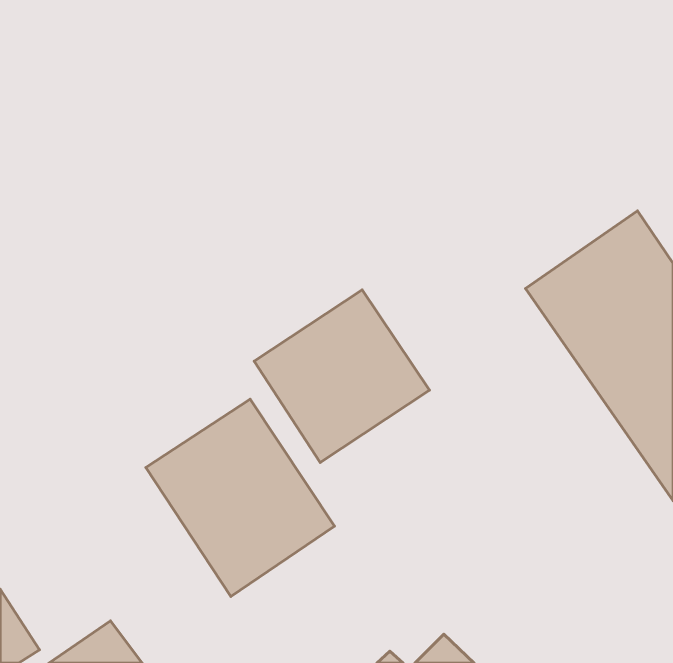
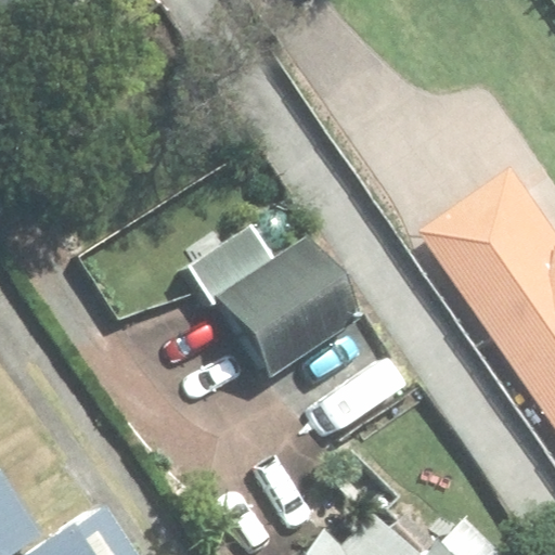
building: [146,399,335,596] -> none

